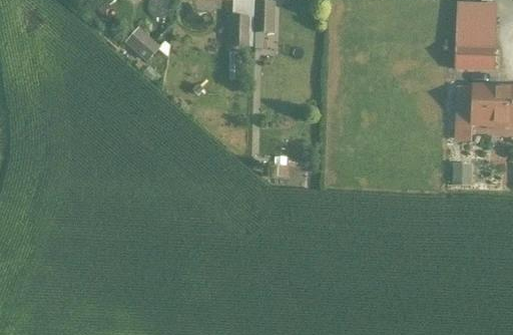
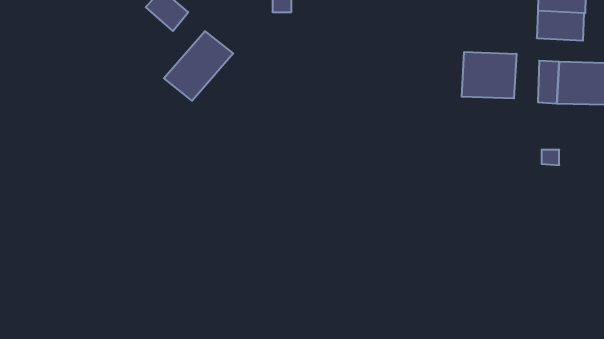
building: none -> [164,31,233,101]
building: none -> [462,52,516,99]

